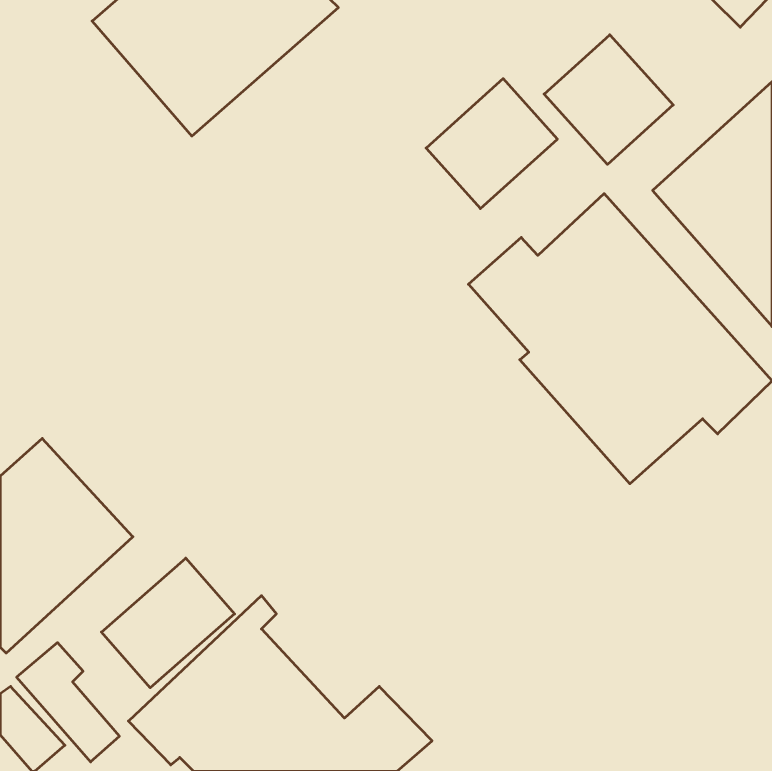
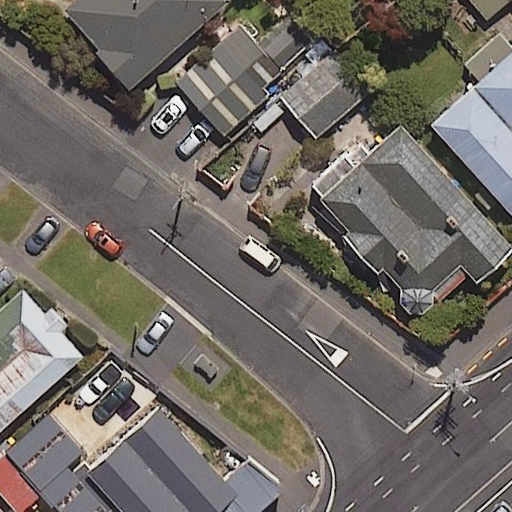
building: [544,35,673,164] -> none
building: none -> [185,23,304,126]
building: [101,558,235,688] -> none

